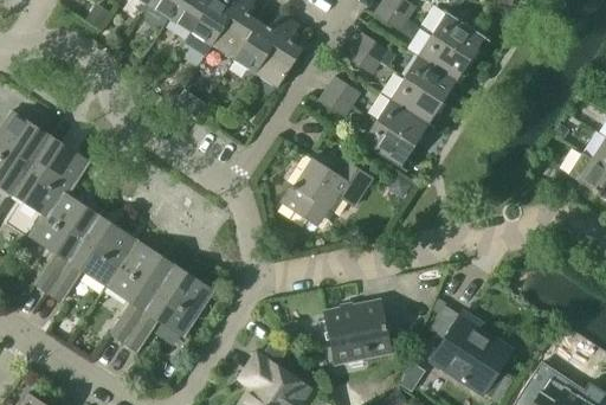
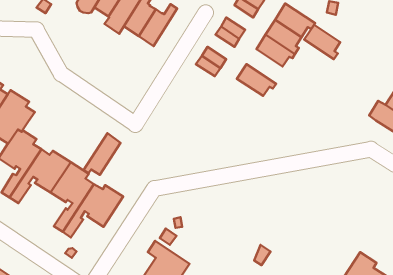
building: [256,18,302,86] -> none
building: [391,77,443,127] -> [304,25,340,59]
building: [362,120,414,169] -> none
building: [281,158,372,224] -> none
building: none -> [83,133,121,175]
building: [324,298,391,362] -> none
building: [432,311,511,393] -> none

